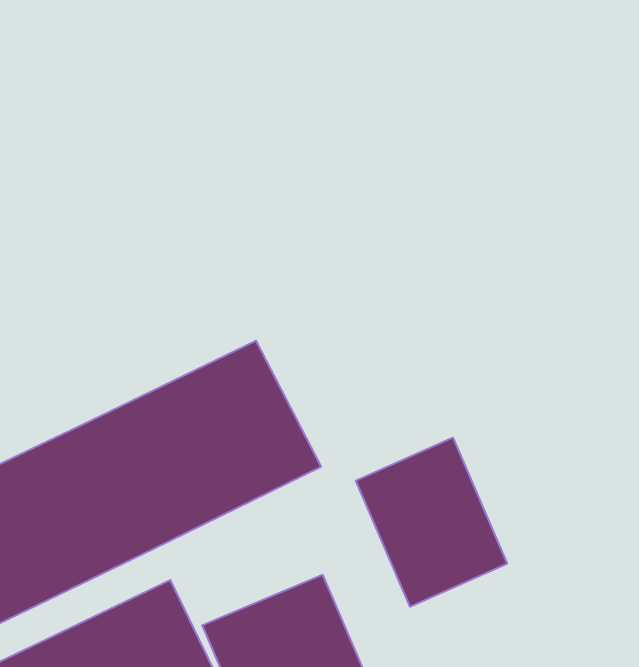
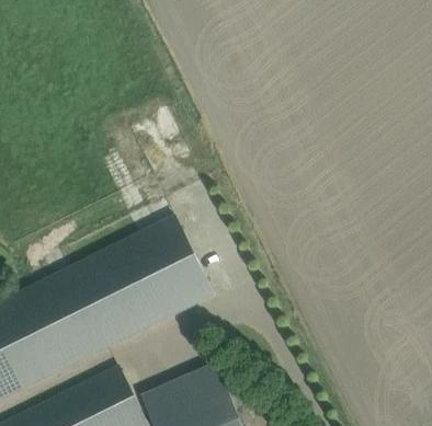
building: [356,438,507,607] -> none

